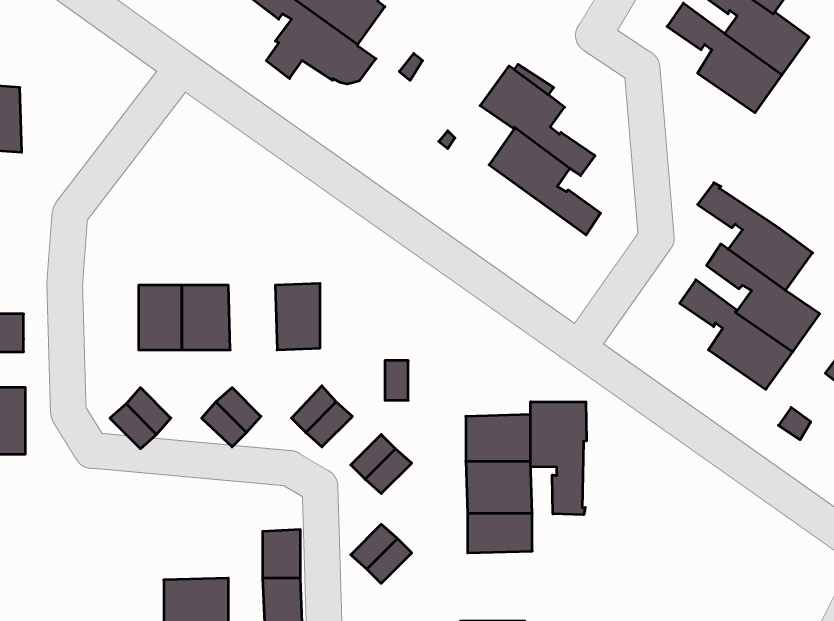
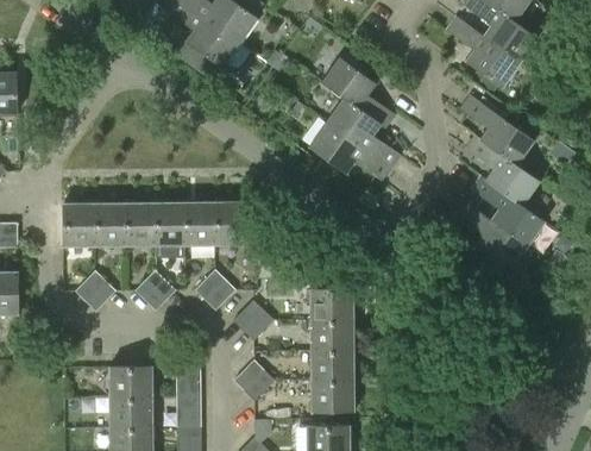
building: none -> [459,95,534,164]
building: none -> [308,123,390,182]
building: none -> [214,201,245,244]
building: none -> [63,202,94,246]
building: none -> [153,202,186,257]
building: [531,402,586,515] -> none
building: none -> [109,365,153,397]
building: none -> [312,378,356,411]

